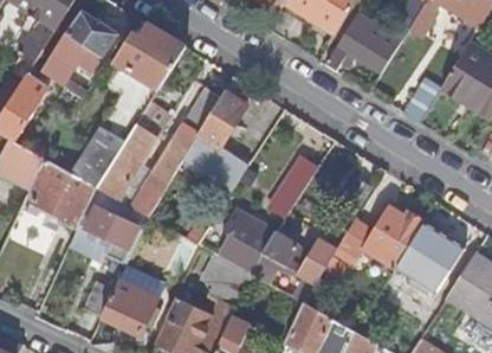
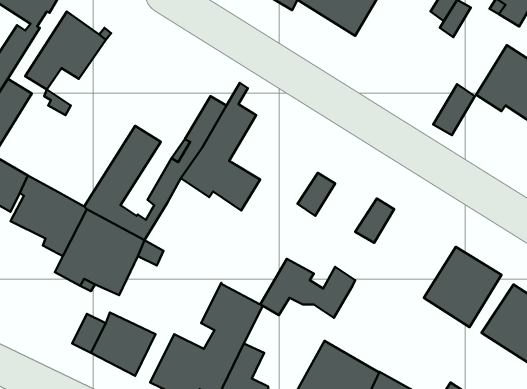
building: [324,12,401,71] -> none
building: [70,24,183,185] -> none
building: [332,205,423,265] -> none
building: [218,208,274,271] -> none

